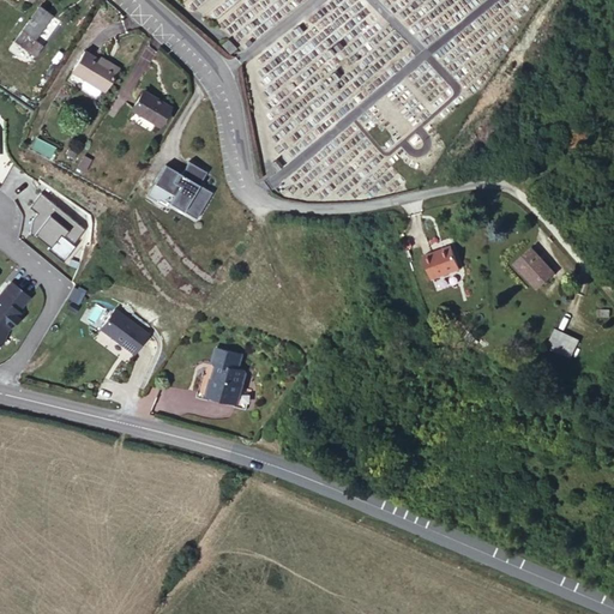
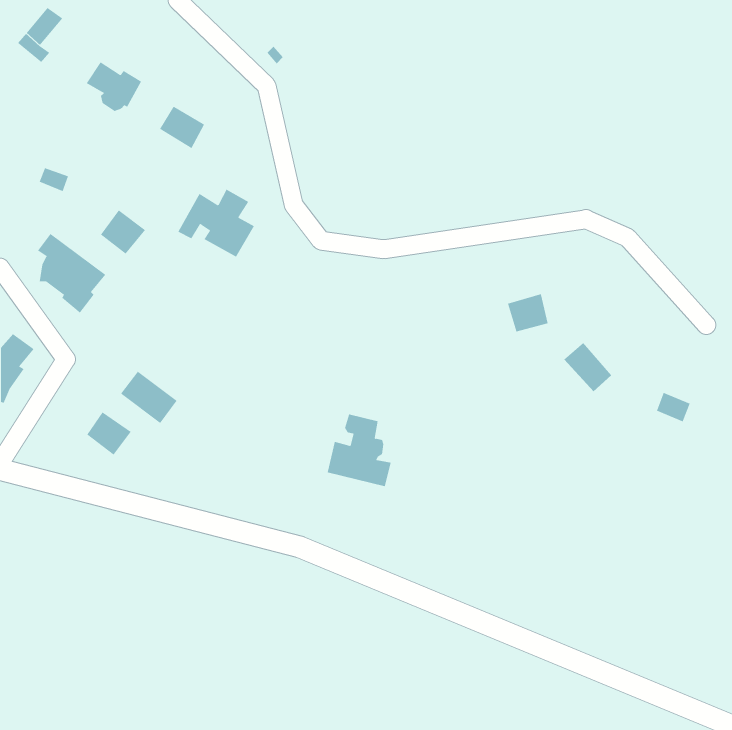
building: none -> [100,210,146,254]
building: [514,247,555,289] -> [564,342,612,392]
building: none -> [86,411,131,455]
building: [197,348,251,409] -> [327,414,391,487]

